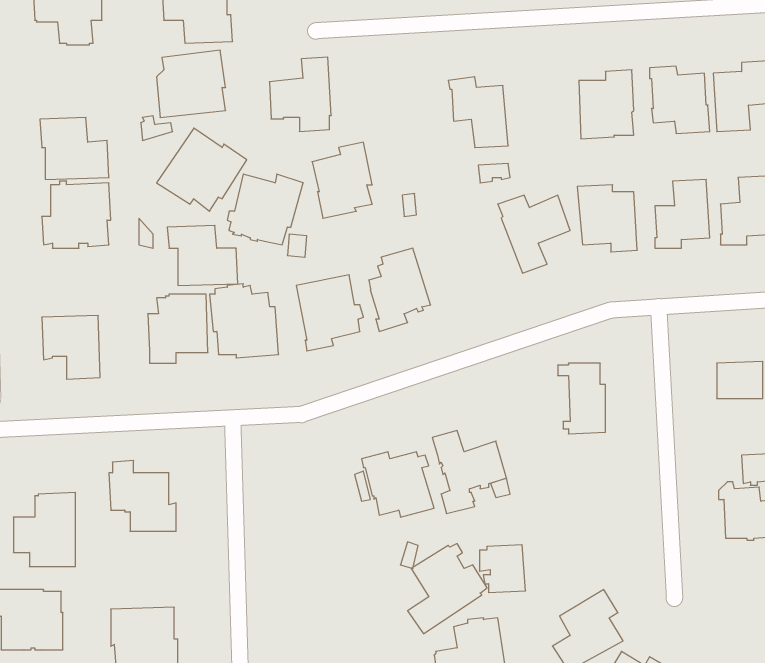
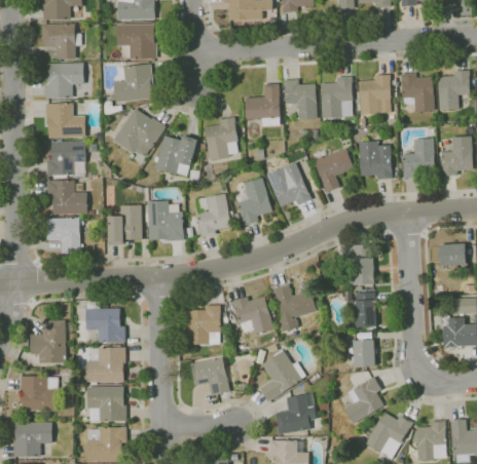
building: none -> [44,62,84,98]
building: [269,57,331,131] -> [245,83,281,126]
building: none -> [321,76,353,118]
building: none -> [266,162,311,206]
building: [167,225,238,285] -> [46,179,87,214]
building: none -> [354,292,376,327]
building: none -> [186,304,221,344]
building: none -> [86,346,125,384]
building: [480,545,526,593] -> [348,339,375,366]
building: none -> [190,356,234,399]

